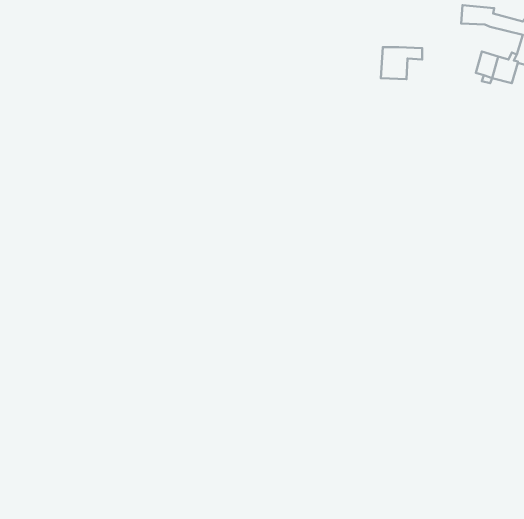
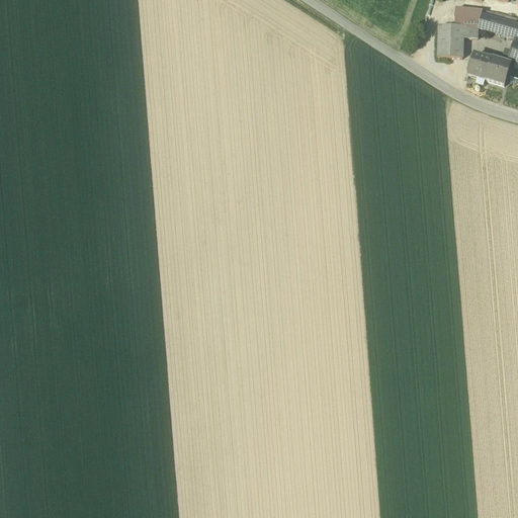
building: [381,47,422,79] -> [438,23,479,55]

